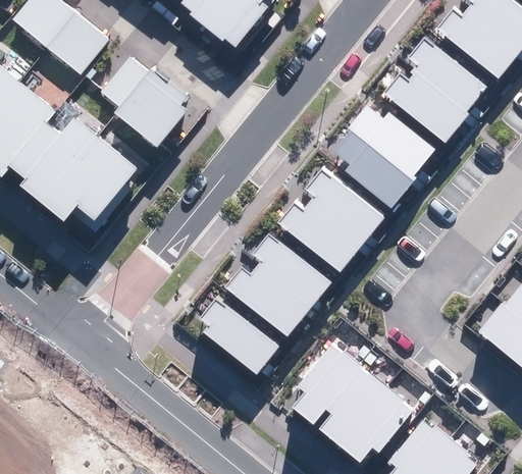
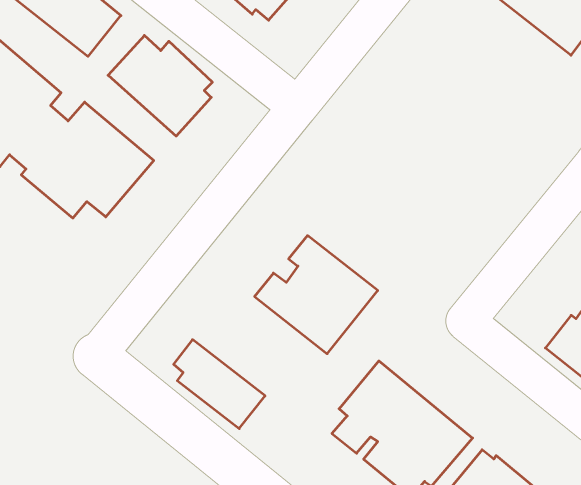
building: [381,39,484,141] -> none
building: [333,104,436,208] -> none
building: [277,167,385,272] -> none
building: [200,297,279,374] -> [174,340,265,429]

